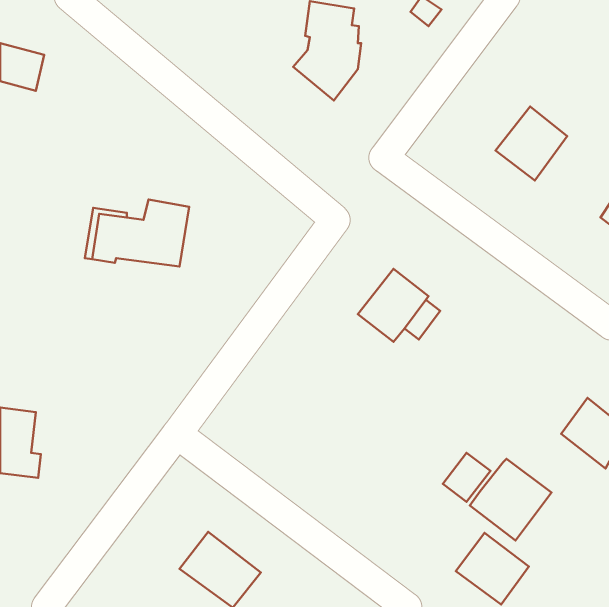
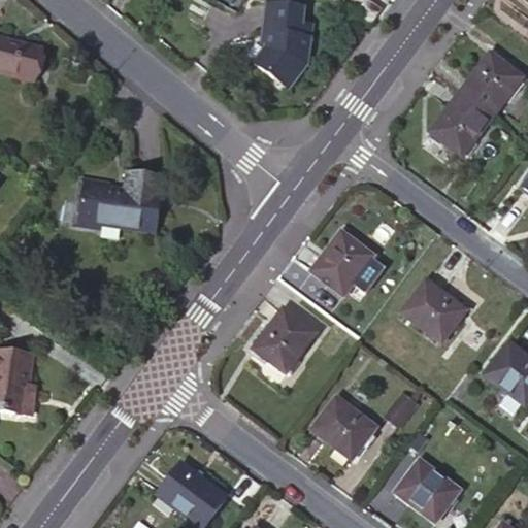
building: none -> [459,53,522,118]
building: none -> [402,280,464,341]
building: none -> [254,309,314,371]
building: [470,459,552,540] -> none
building: none -> [310,398,374,459]

